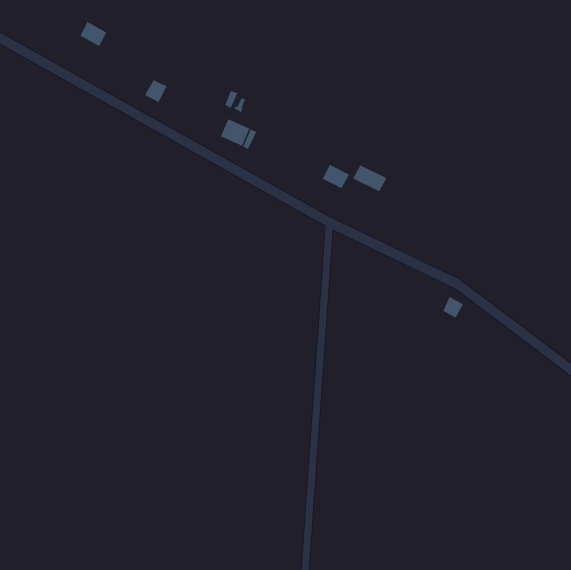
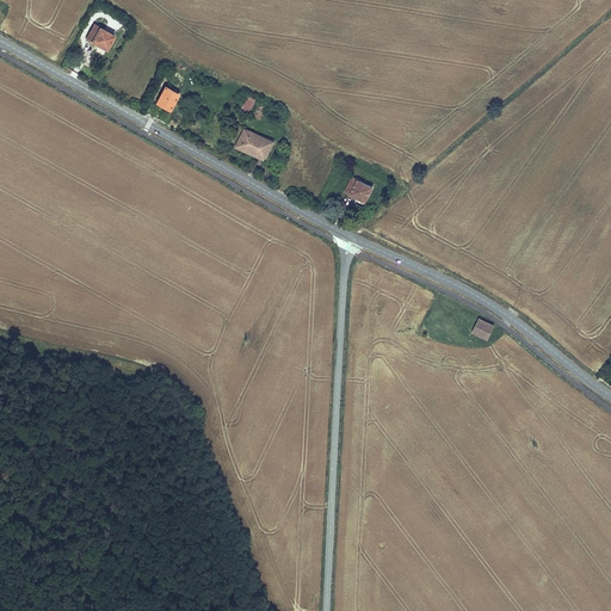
building: [353,164,387,192] -> none

